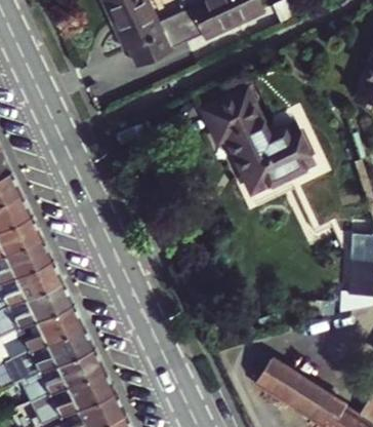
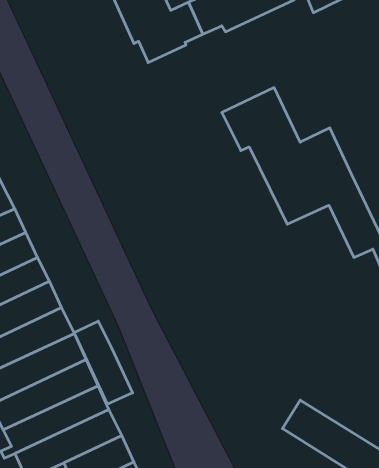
building: none -> [74,321,133,404]

